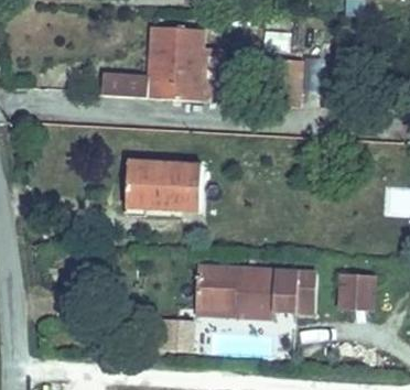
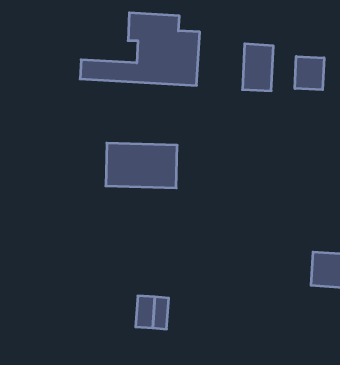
building: none -> [295,56,324,90]
building: [196,266,316,316] -> none

